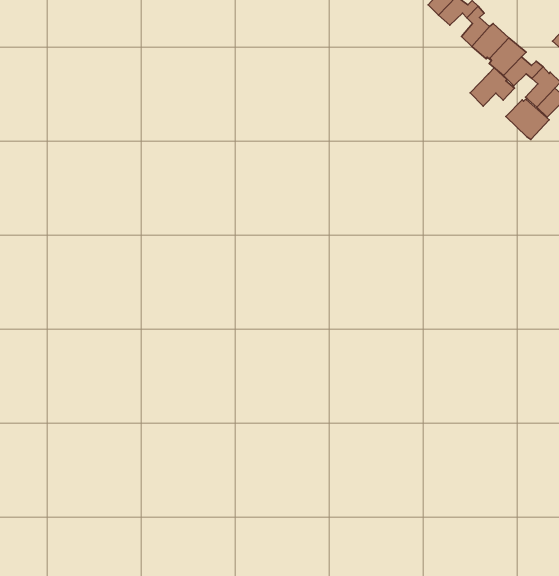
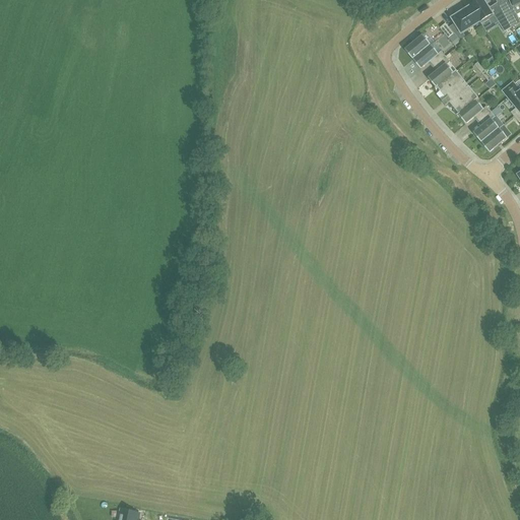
building: [470,68,514,106] -> none
building: [506,98,549,140] -> none

